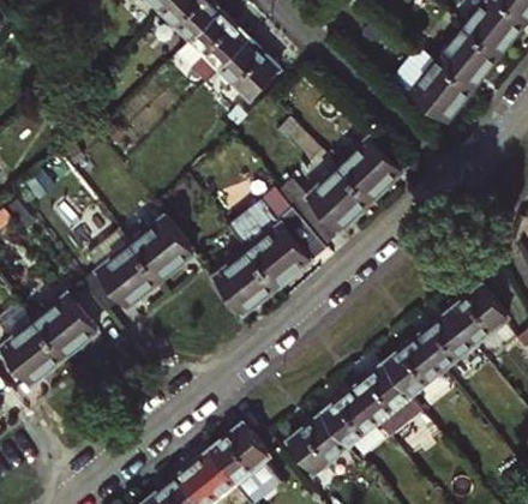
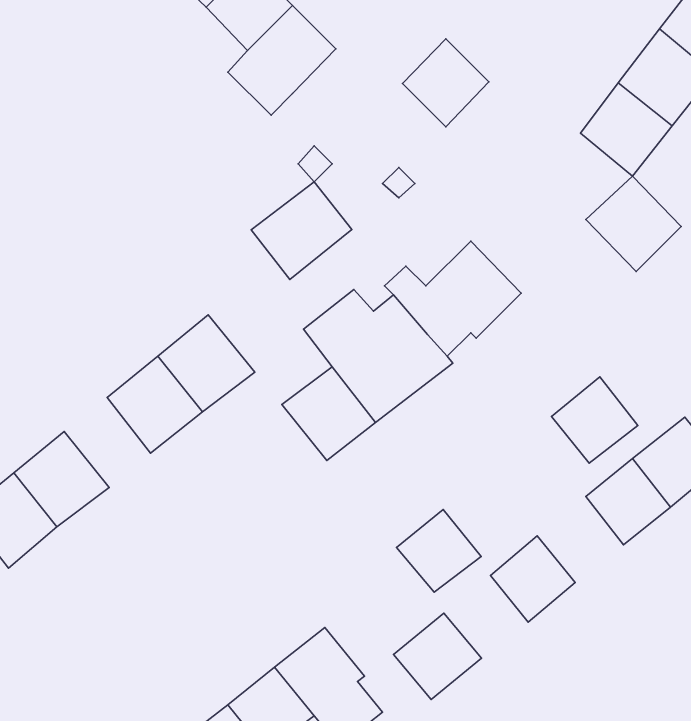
building: [221,38,278,97] -> [403,39,489,127]
building: none -> [251,182,352,280]
building: [340,138,403,202] -> [586,176,681,272]
building: [384,337,442,395] -> [551,377,638,463]
building: [322,390,378,445] -> [396,510,481,592]

